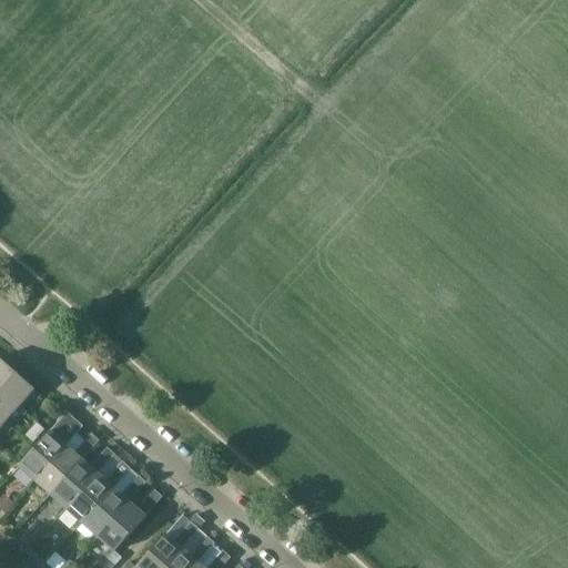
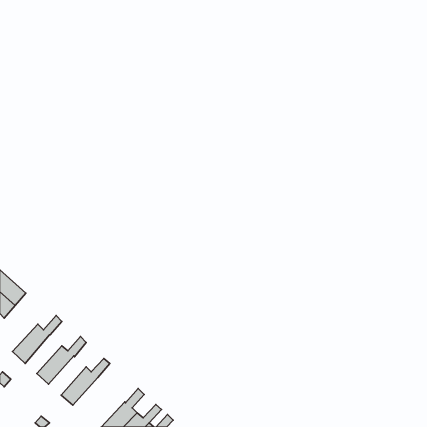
building: [33,433,99,495] -> none
building: [64,460,130,524] -> none
building: [97,488,161,551] -> none

